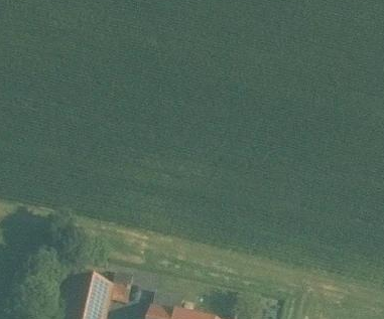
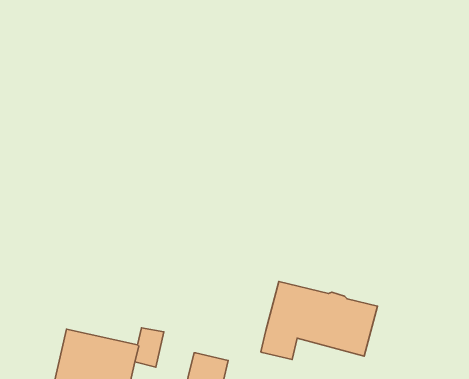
building: none -> [261,282,378,360]

